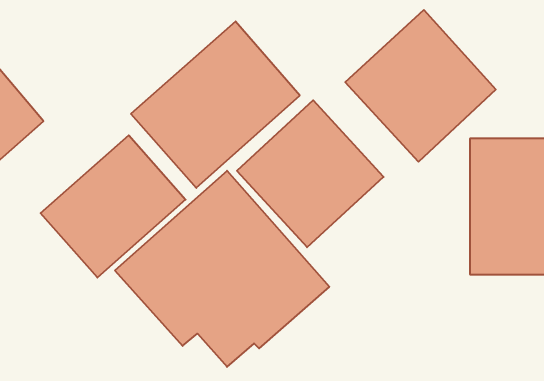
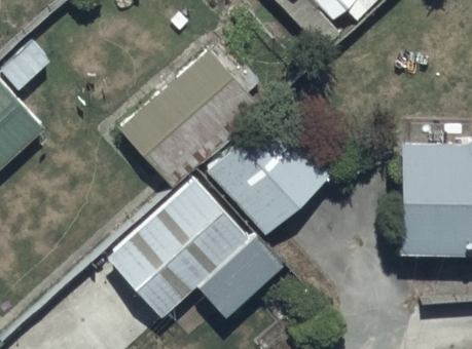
building: [345,10,496,162] -> none
building: [41,135,186,278] -> none

